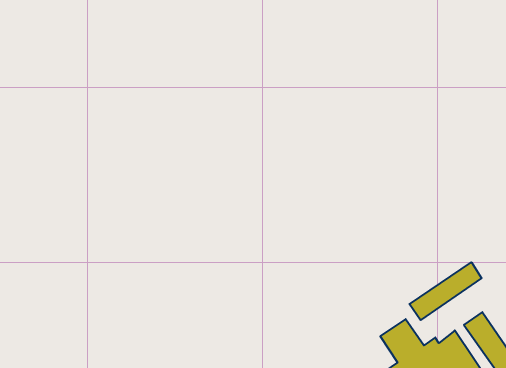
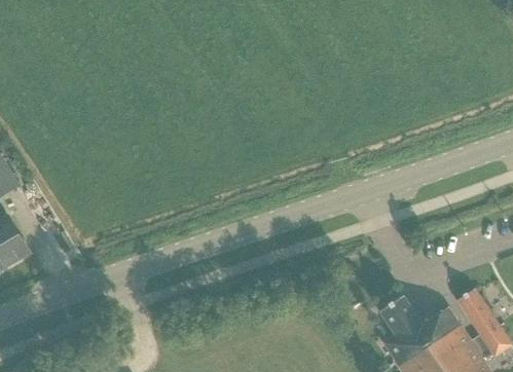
building: [409,262,482,320] -> none

